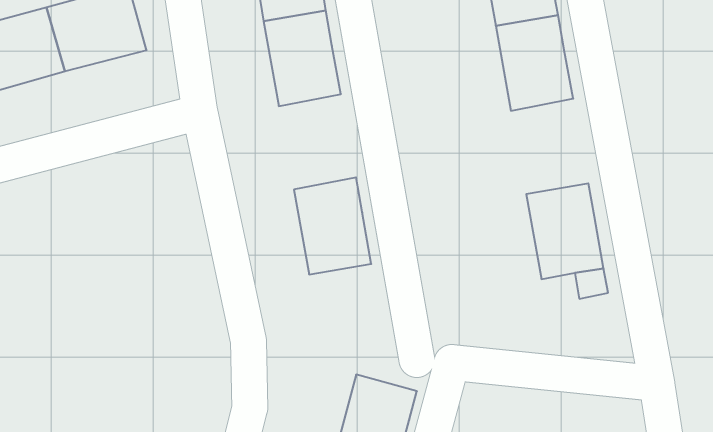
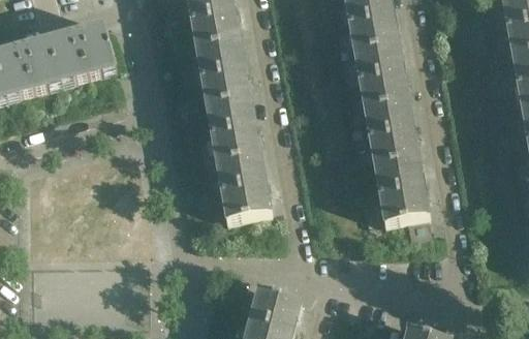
building: none -> [206,93,258,158]
building: none -> [364,96,416,161]

